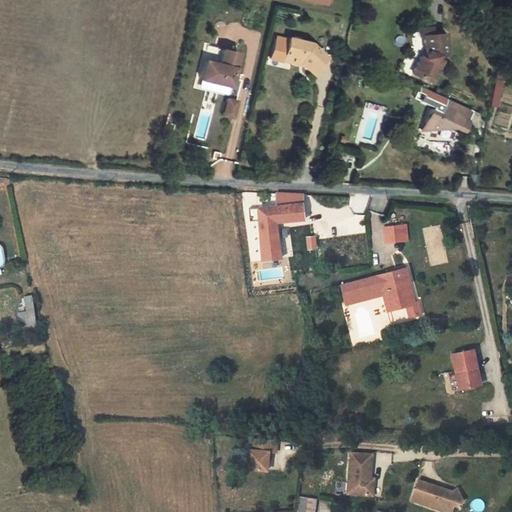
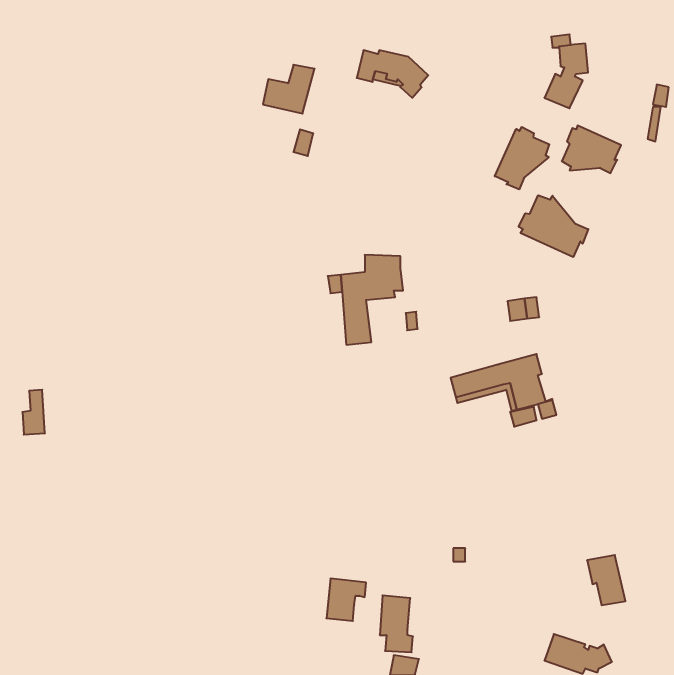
building: none -> [495,127,549,189]
building: none -> [519,195,588,257]
building: [453,350,482,388] -> [587,555,625,605]
building: [350,452,375,495] -> [380,595,413,652]

